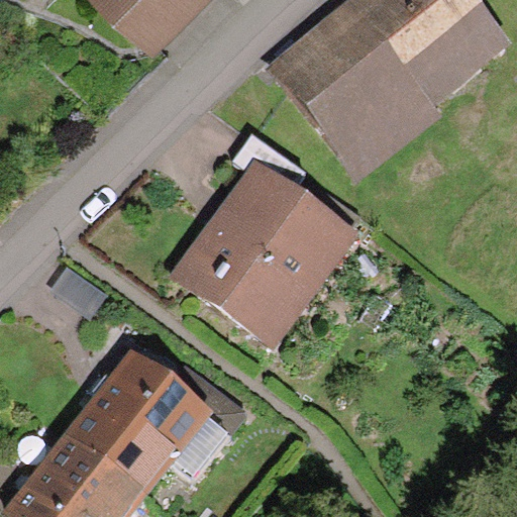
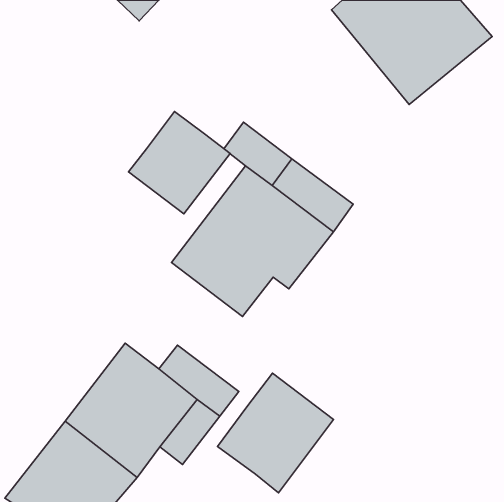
building: [268,12,430,182] -> none
building: none -> [128,112,230,214]
building: none -> [217,373,334,493]

